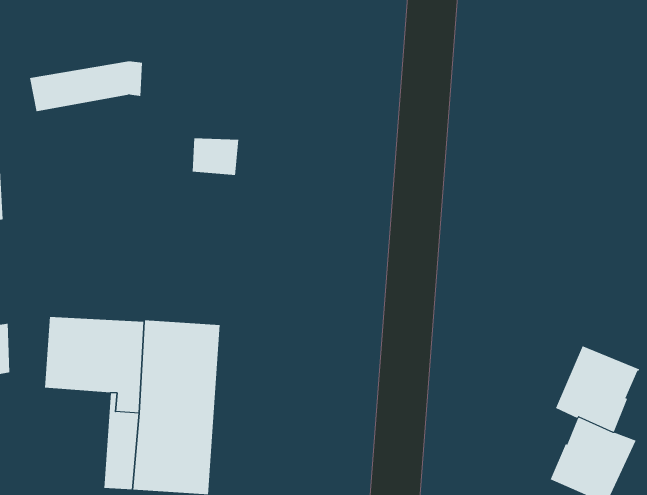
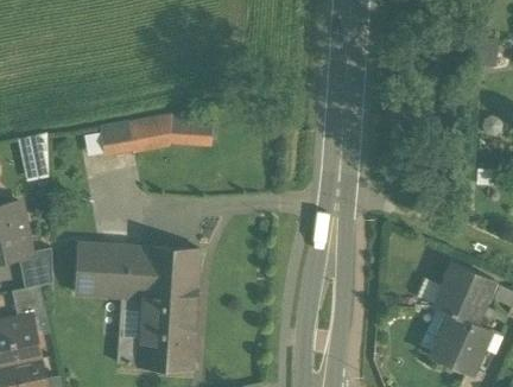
building: [29,61,143,112] -> [101,118,180,153]

